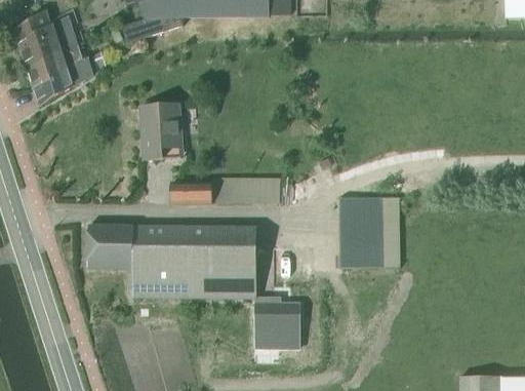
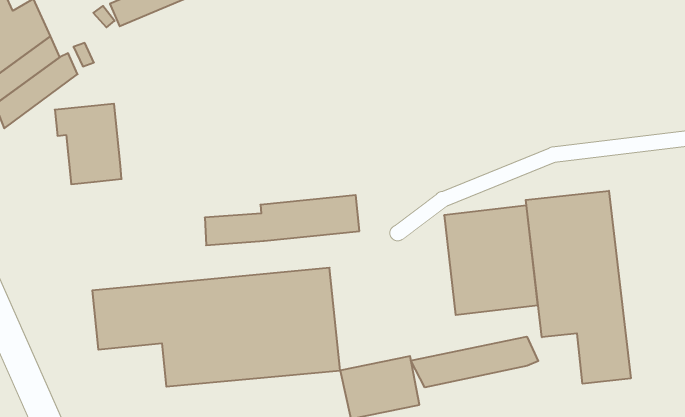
building: [140,104,183,157] -> [55,104,122,184]
building: none -> [526,191,631,384]
building: none -> [411,337,538,387]

